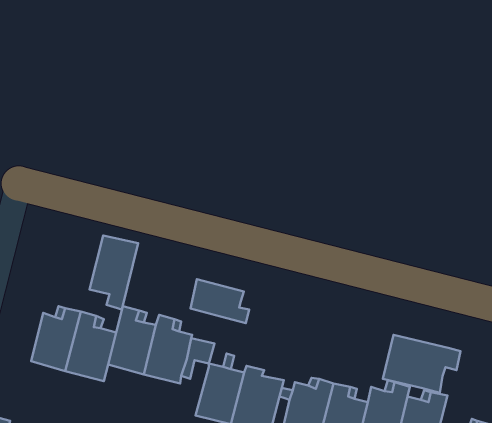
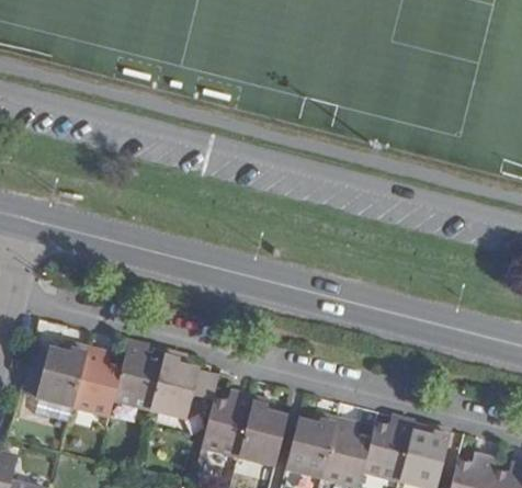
building: [90,235,138,310] -> none
building: [190,279,249,323] -> none
building: [383,335,460,393] -> none

